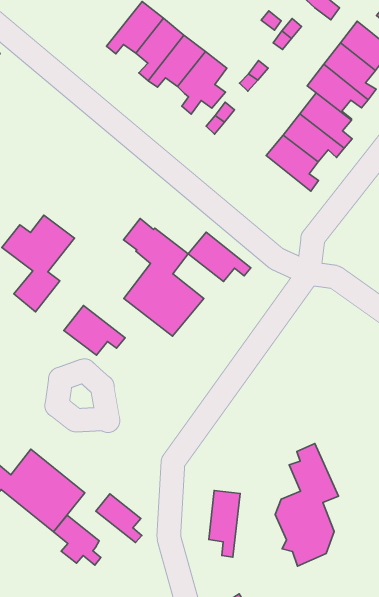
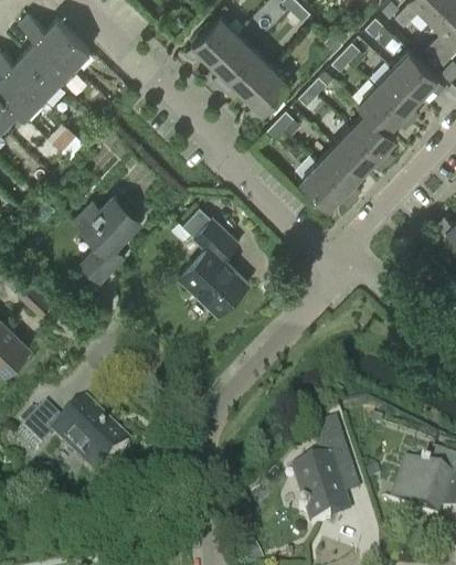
building: [188,232,251,282] -> [299,163,353,209]
building: [64,305,125,355] -> none
building: [209,490,240,557] -> none
building: [96,494,142,543] -> none
building: [54,515,101,565] -> none

